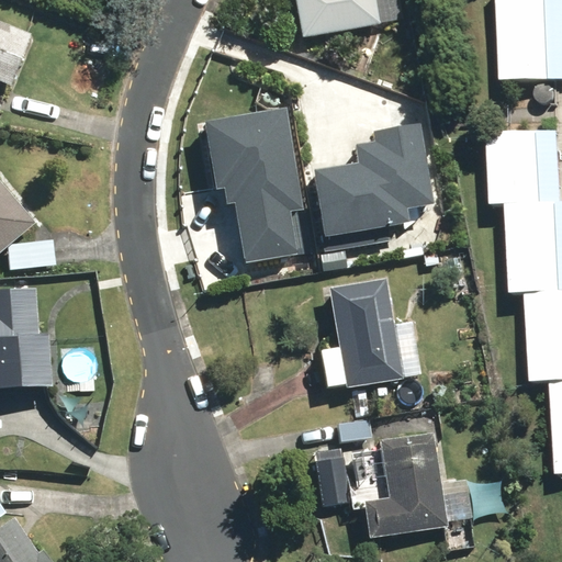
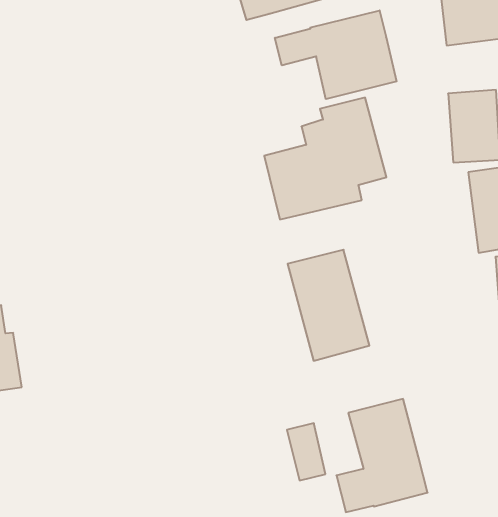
building: none -> [275,10,397,99]
building: [203,113,300,266] -> none

